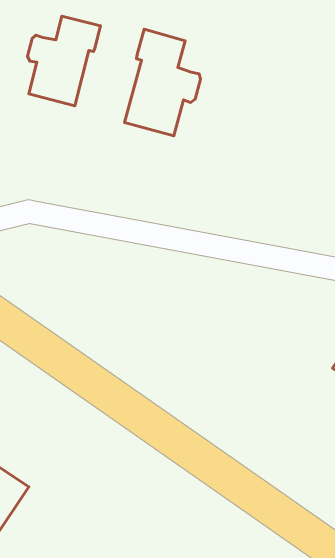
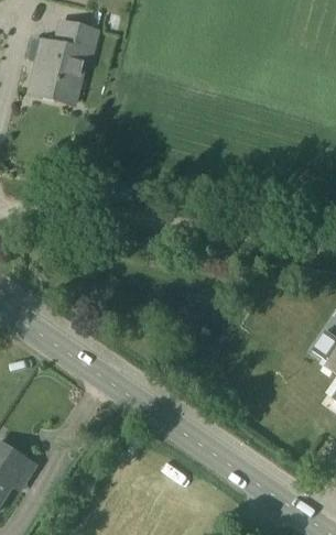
building: [125,29,201,136] -> none

